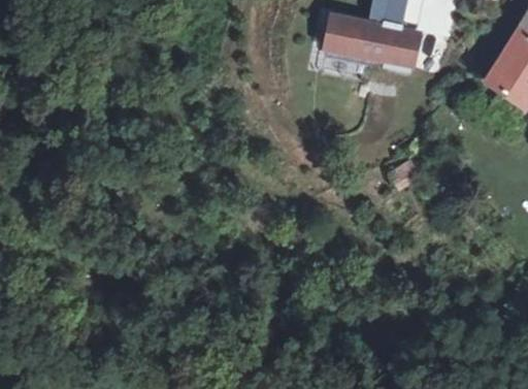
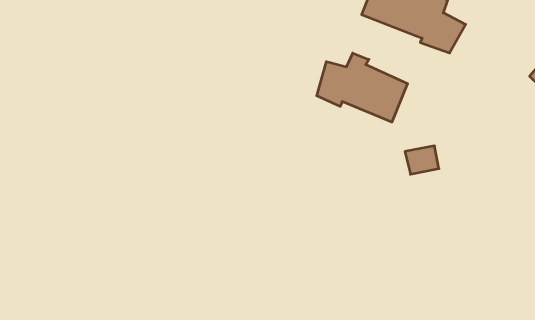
building: none -> [317,53,408,122]

